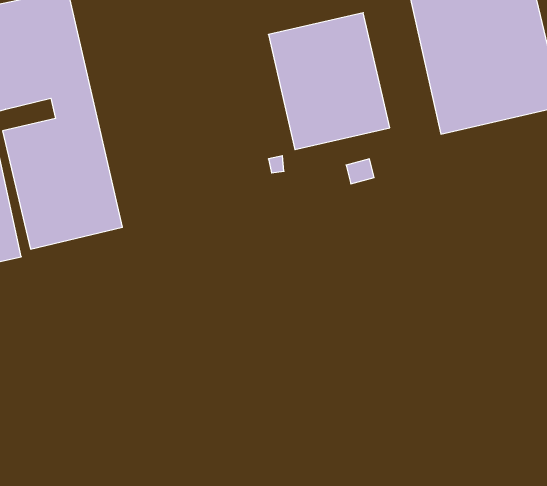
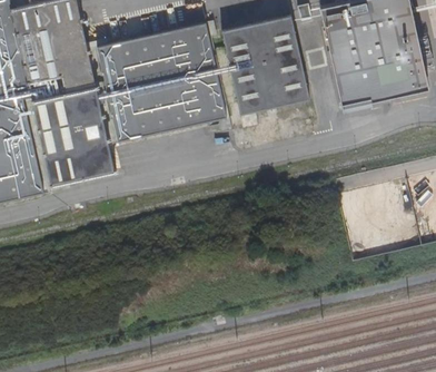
building: none -> [99,21,225,138]

